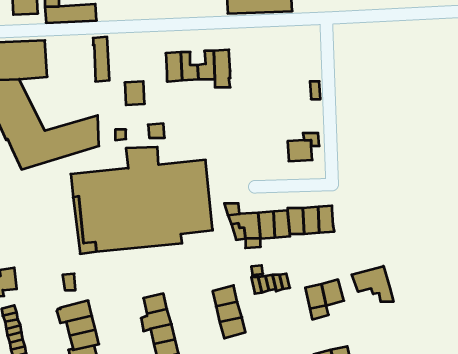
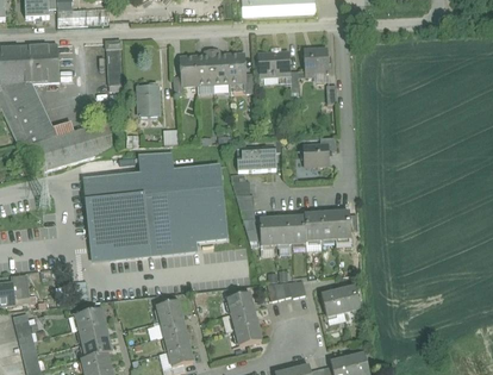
building: none -> [304,48,327,75]
building: none -> [258,50,289,76]
building: none -> [238,146,276,170]
building: [352,266,393,302] -> none

